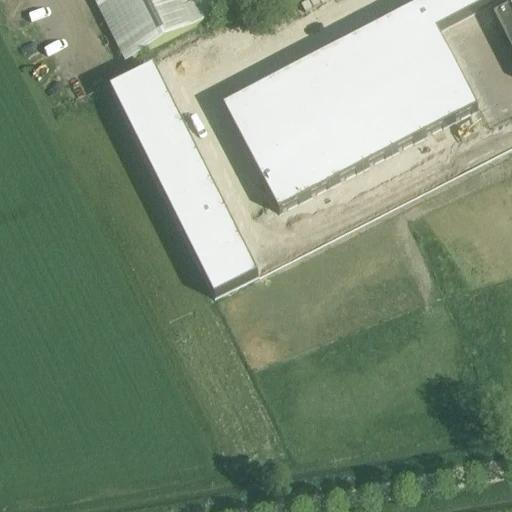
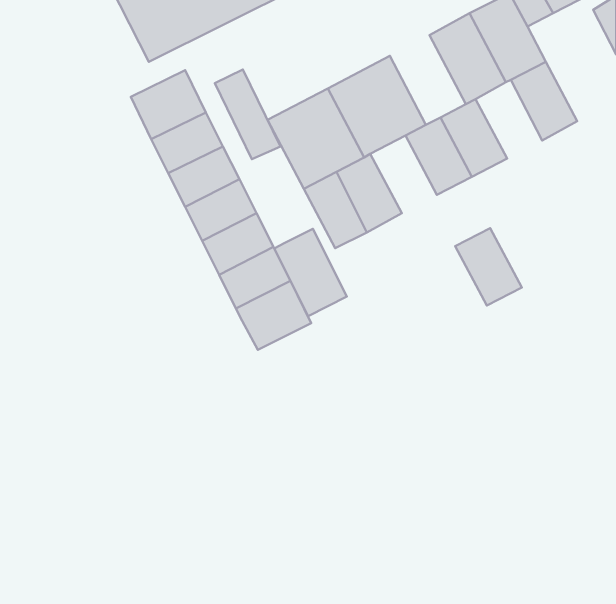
building: [322,29,385,103] -> none
building: none -> [215,69,281,159]
building: [393,66,448,131] -> none
building: [306,112,361,176] -> [455,228,522,306]
building: none -> [274,229,347,316]

